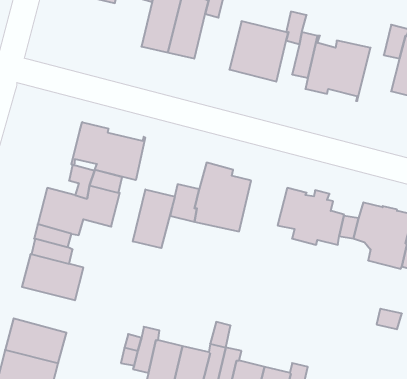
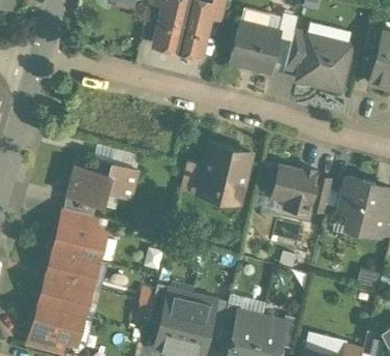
building: [71,122,145,180] -> none
building: [133,189,175,248] -> none
building: none -> [46,249,98,289]

